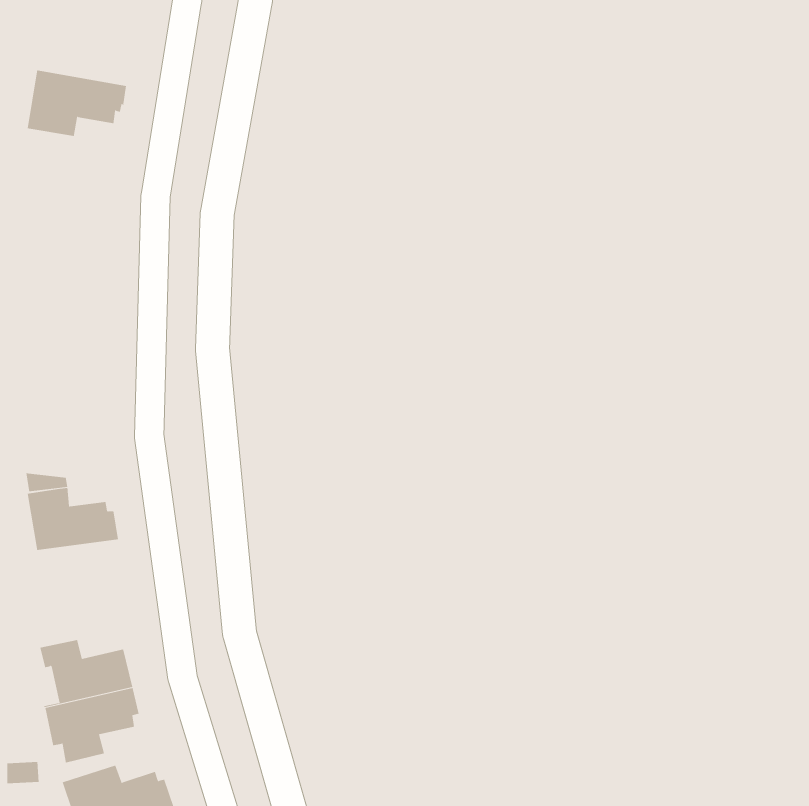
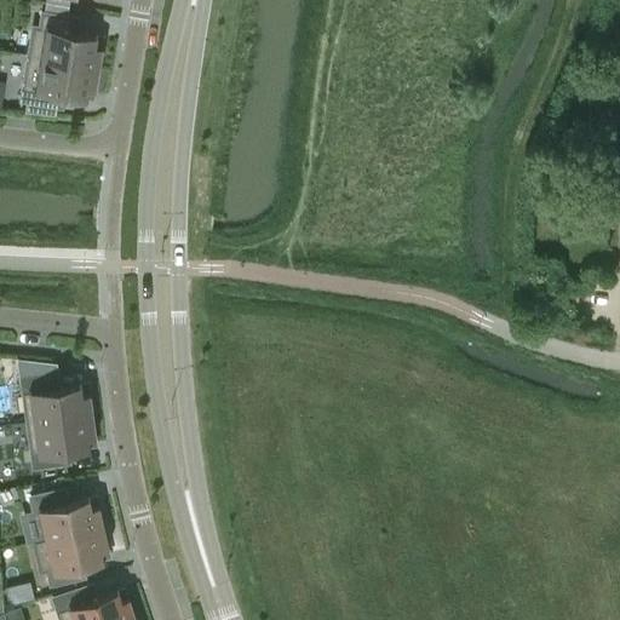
building: none -> [29,15,103,69]
building: none -> [29,415,93,469]

